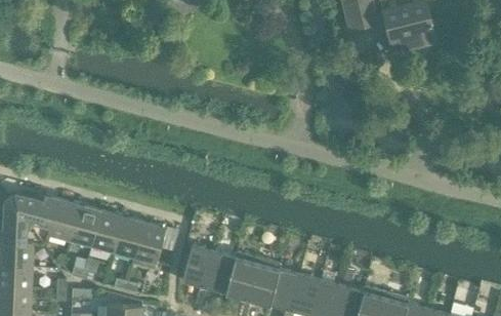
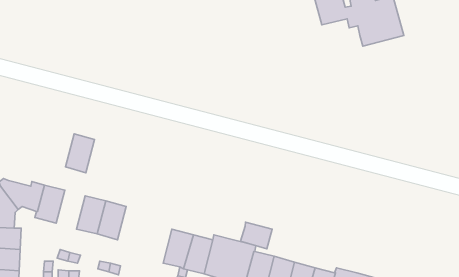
building: [70,204,100,245] -> [65,134,95,173]
building: [133,222,165,269] -> none
building: none -> [241,222,272,249]

